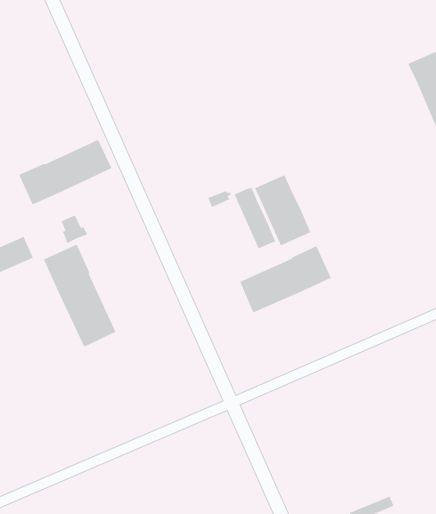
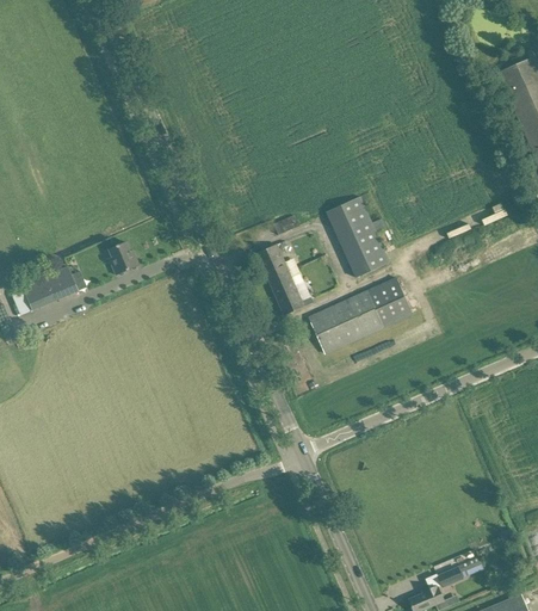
building: [18,139,113,206] -> none
building: [234,187,276,249] -> [256,243,304,314]
building: [43,243,117,348] -> none

